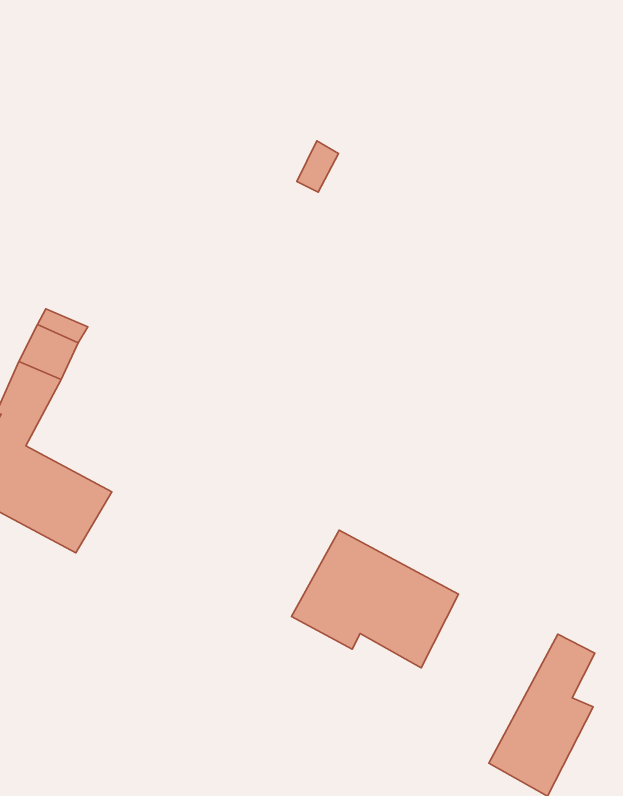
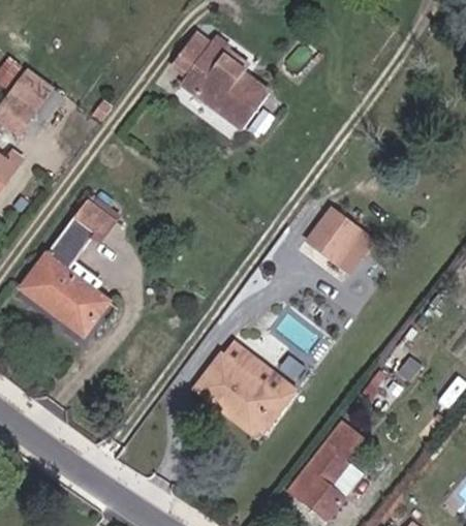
building: none -> [157,38,265,133]
building: none -> [305,217,371,280]

